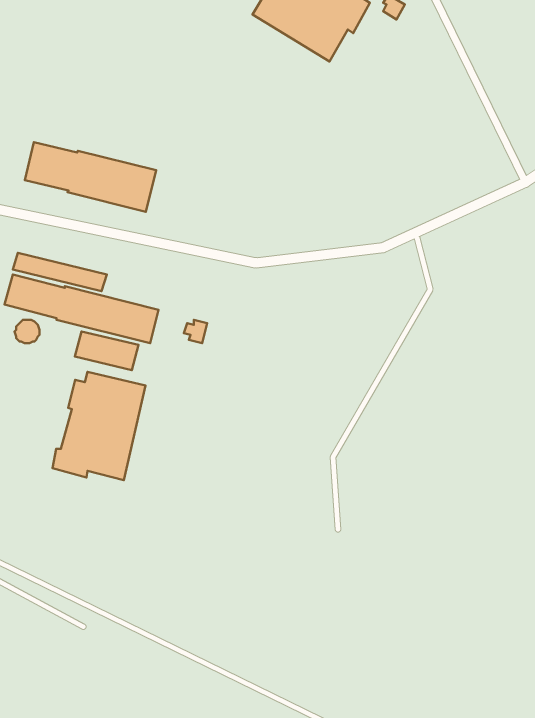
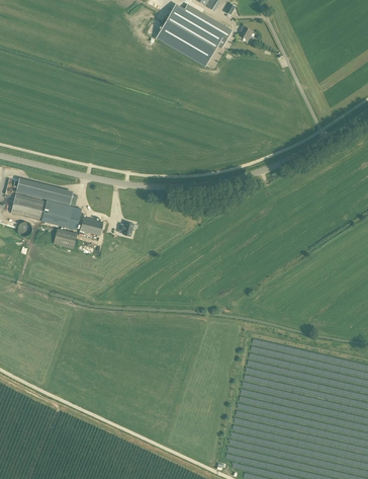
building: [25,142,156,212] -> none
building: [52,372,146,480] -> none

